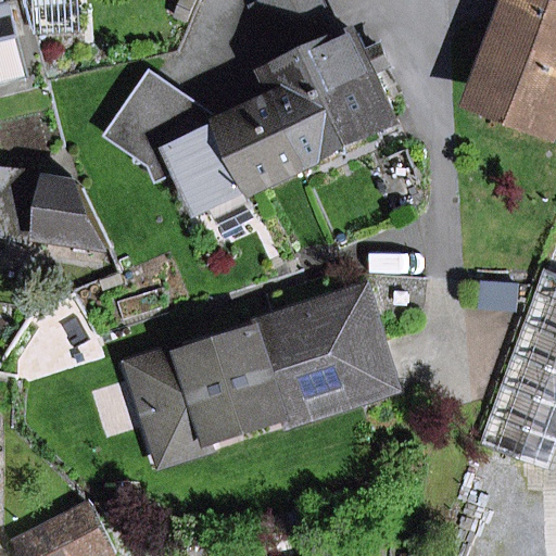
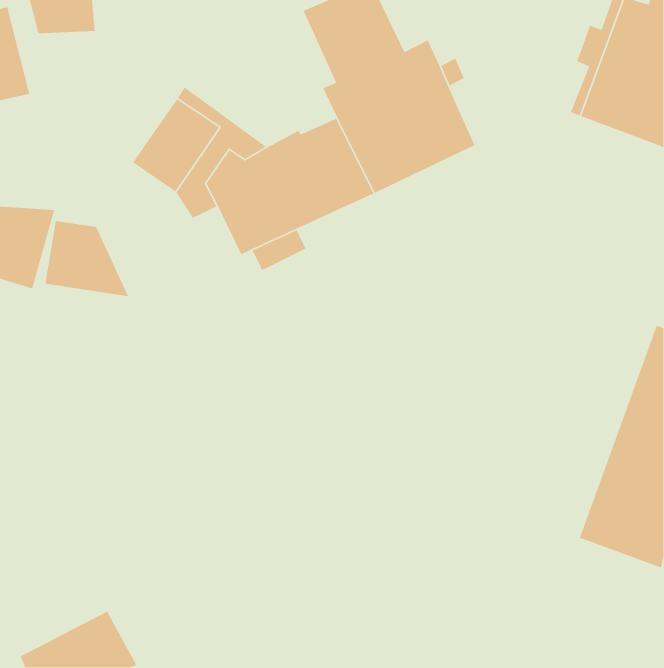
building: [137,298,390,456] -> none

